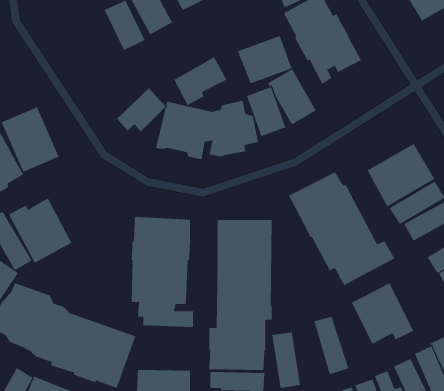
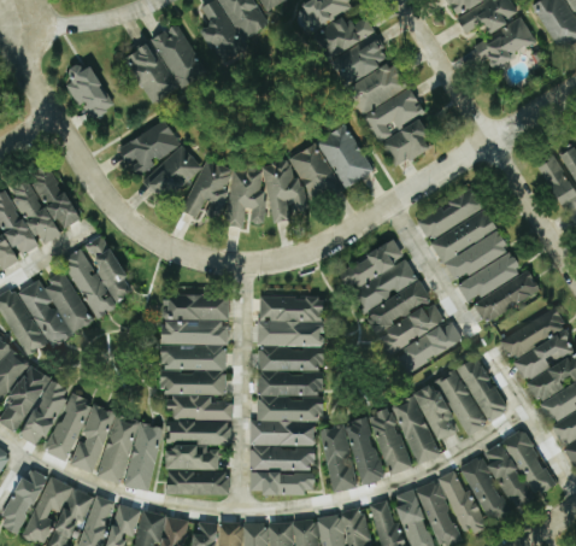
building: none -> [65,61,112,118]
building: [237,35,292,84] -> none
building: [174,57,227,106] -> [118,119,180,176]
building: none -> [381,119,433,166]
building: none -> [416,189,483,237]
building: none -> [61,234,135,317]
building: none -> [459,356,505,422]
building: none -> [392,394,439,464]
building: none -> [345,417,382,485]
building: none -> [165,419,229,469]

